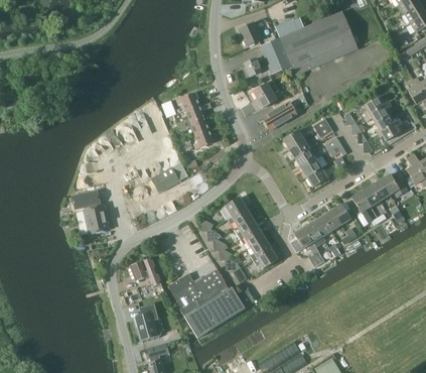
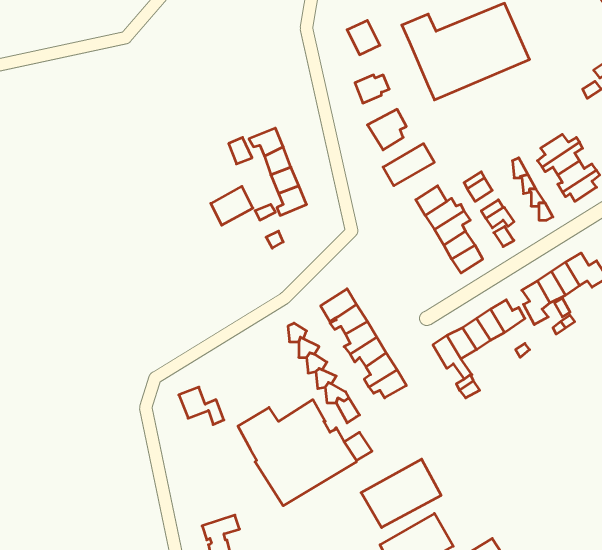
building: [260,37,291,74] -> none
building: [151,167,178,193] -> [211,186,253,225]
building: [73,190,108,233] -> none
building: [137,302,158,339] -> none
building: none -> [361,459,441,528]

